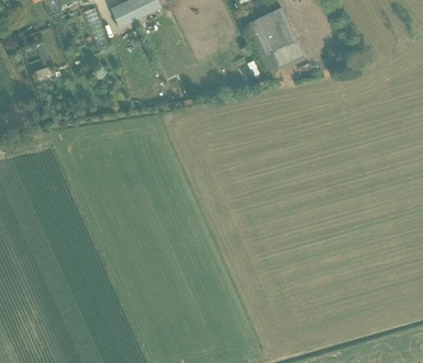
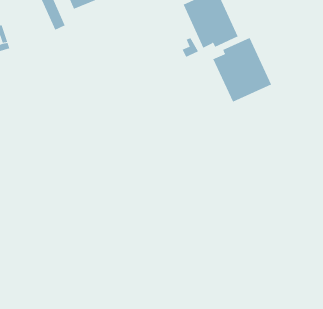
building: none -> [213,37,272,102]

